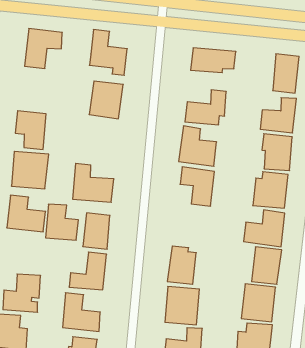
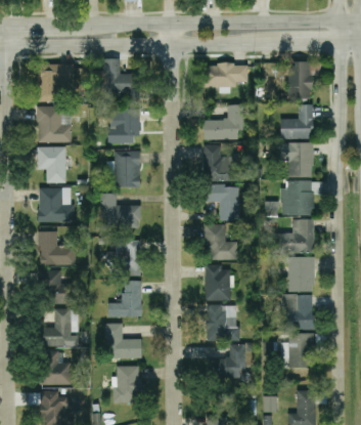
building: none -> [37,105,72,142]
building: none -> [115,150,140,187]
building: [46,204,78,240] -> [43,269,75,304]
building: none -> [205,223,237,259]

